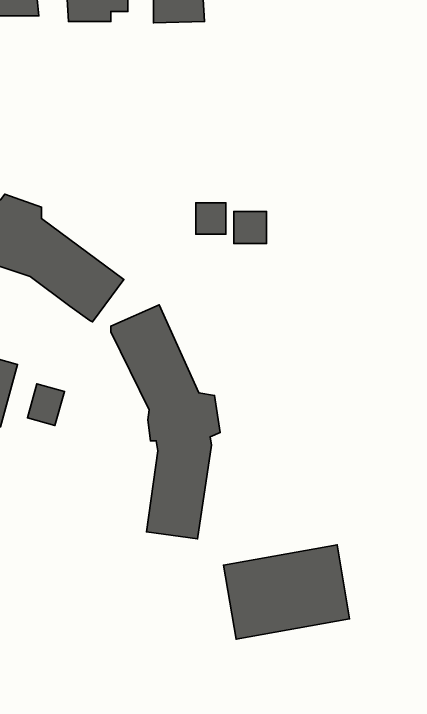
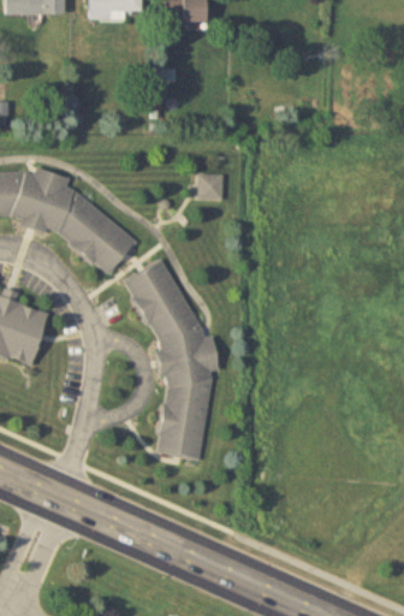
building: [234,211,267,244] -> none
building: [27,384,64,425] -> none
building: [224,545,350,639] -> none

